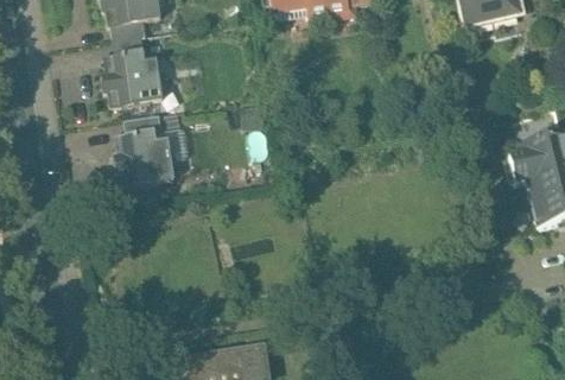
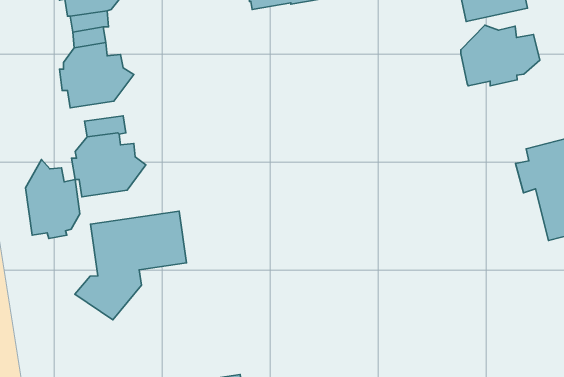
building: none -> [461,25,540,86]
building: none -> [25,160,80,238]
building: none -> [75,211,187,320]

